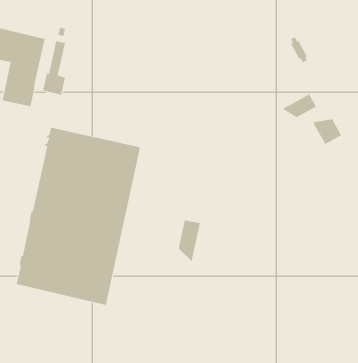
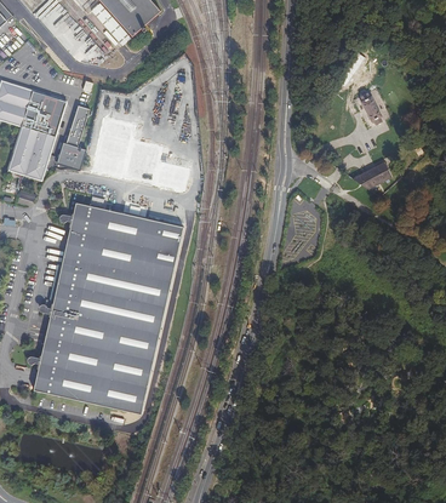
building: [312,118,342,145] -> none
building: [178,219,200,262] -> none

